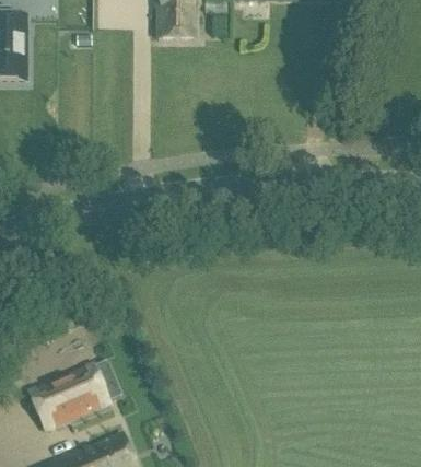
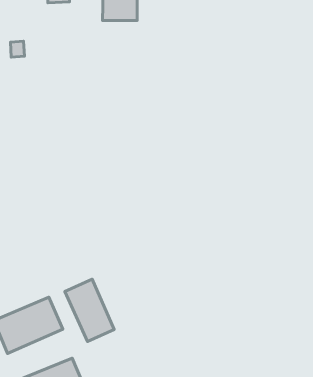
building: none -> [65,279,114,341]

